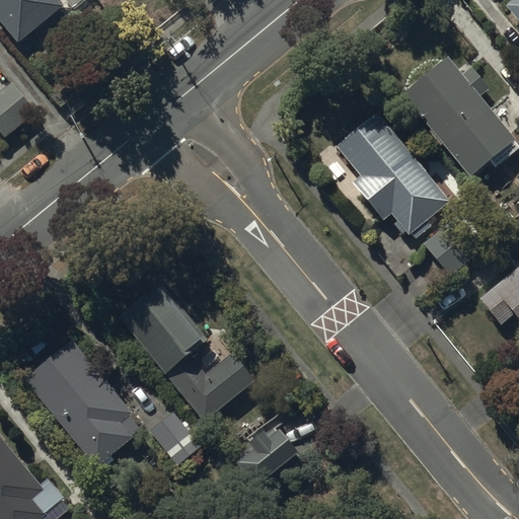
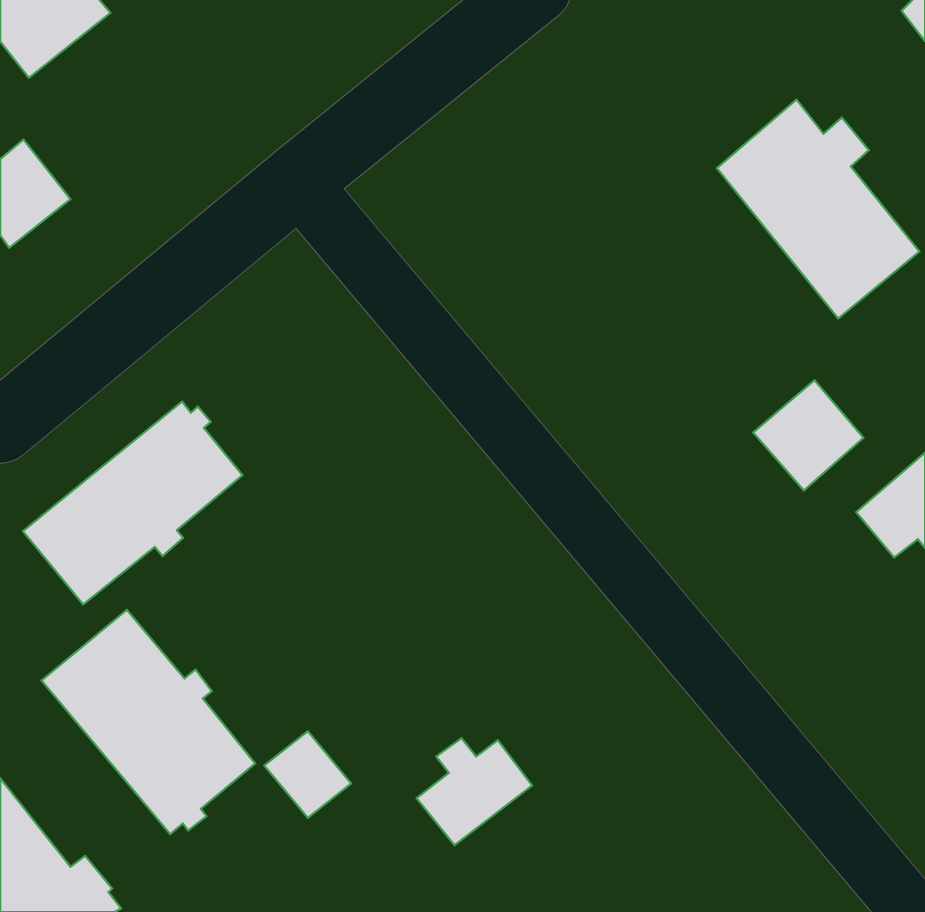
building: [336,113,454,237] -> none
building: none -> [23,402,242,605]
building: [119,284,253,422] -> none

